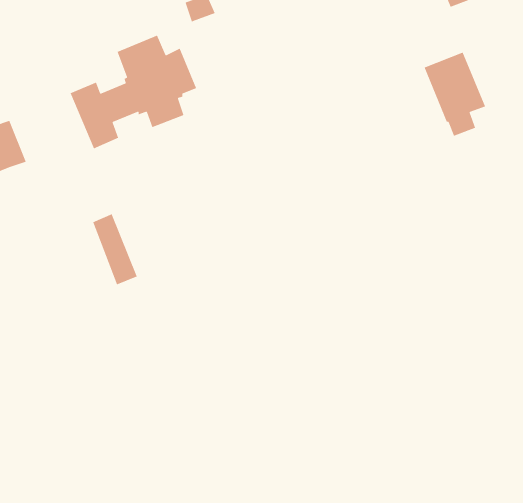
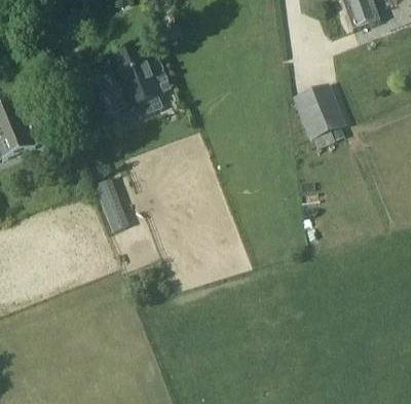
building: [424,52,486,137] -> [296,85,341,147]

